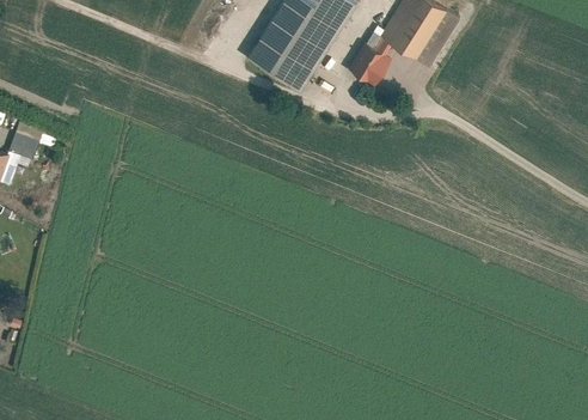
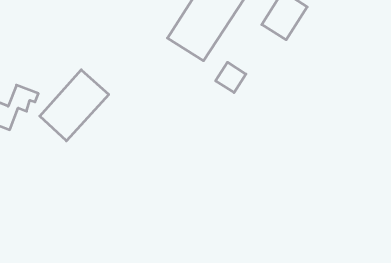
building: [348,43,391,86] -> [216,62,246,93]
building: none -> [40,70,109,141]

